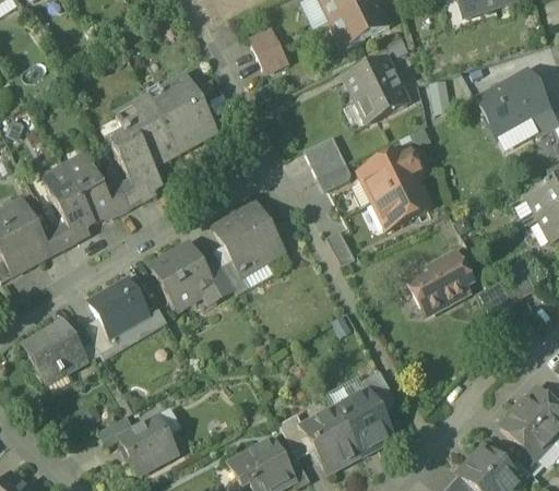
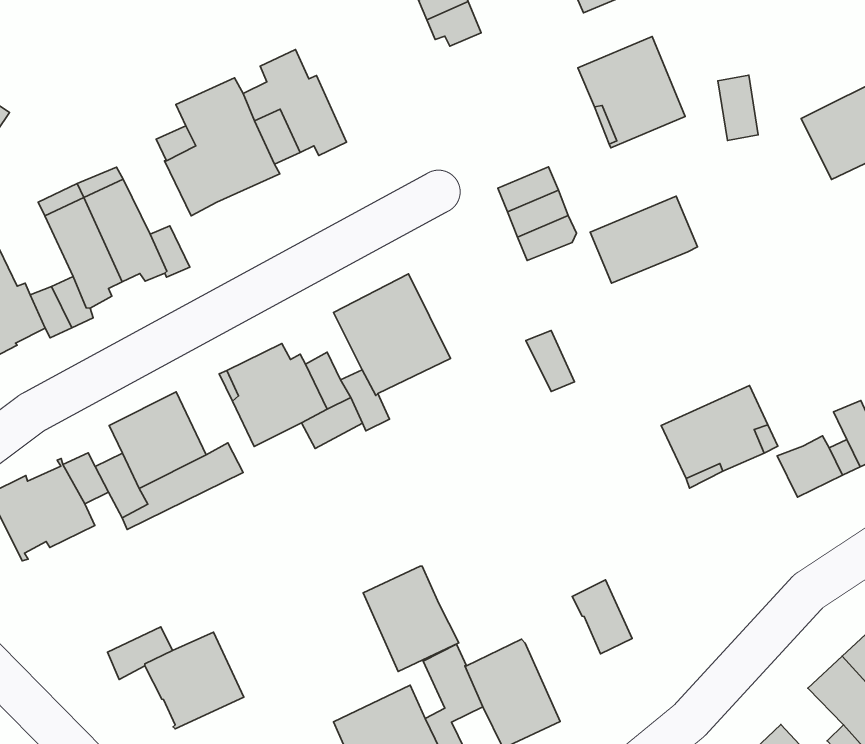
building: [117,168,156,206] -> none
building: [372,179,429,228] -> none
building: [336,392,393,453] -> [363,566,459,671]

